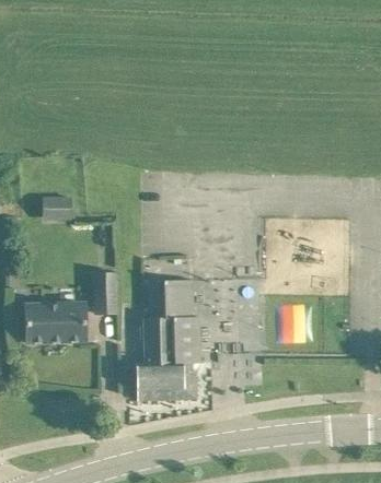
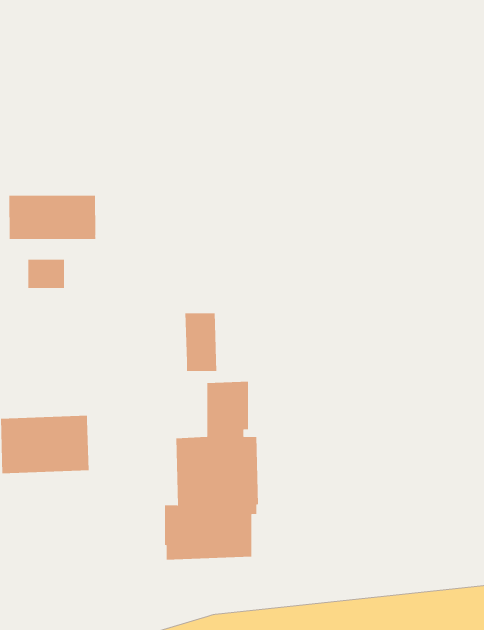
building: none -> [9,195,96,240]
building: [94,273,116,313] -> [184,313,217,371]

